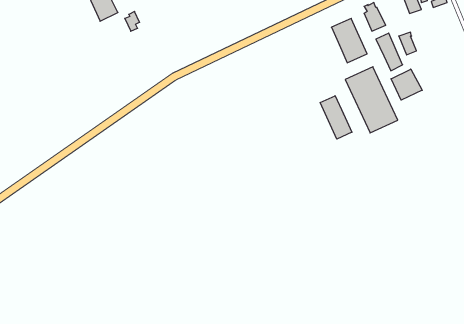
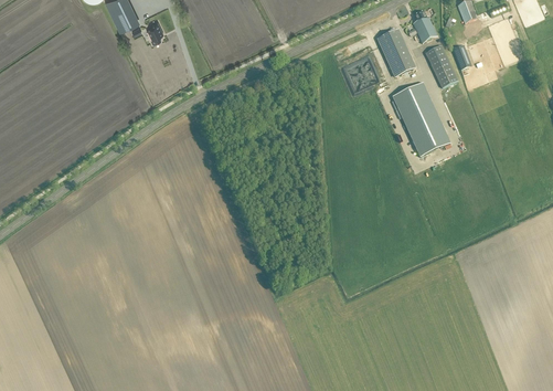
building: [391,69,422,100] -> none
building: [320,96,352,139] -> none

